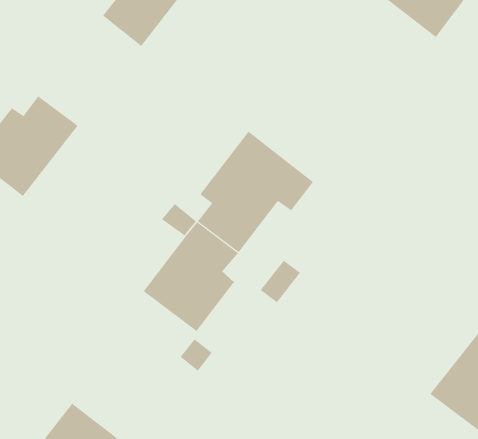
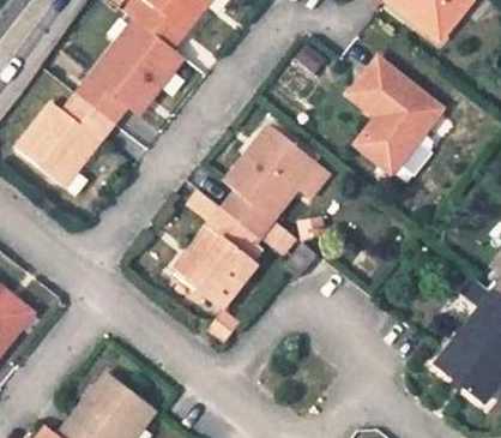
building: none -> [77,19,181,120]
building: none -> [351,61,440,172]

